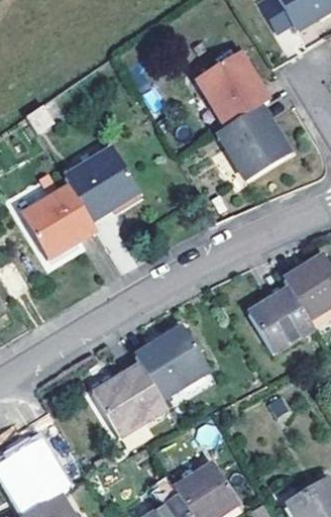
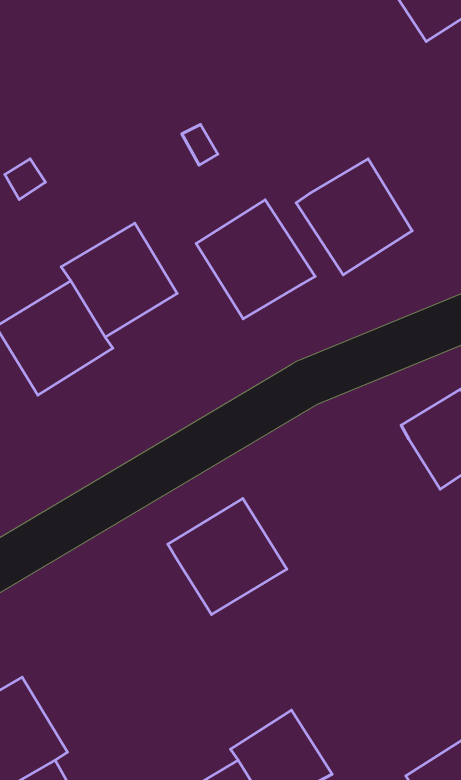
building: [195,51,271,128] -> [196,200,315,319]
building: [250,287,314,352] -> none
building: [93,365,167,436] -> none

